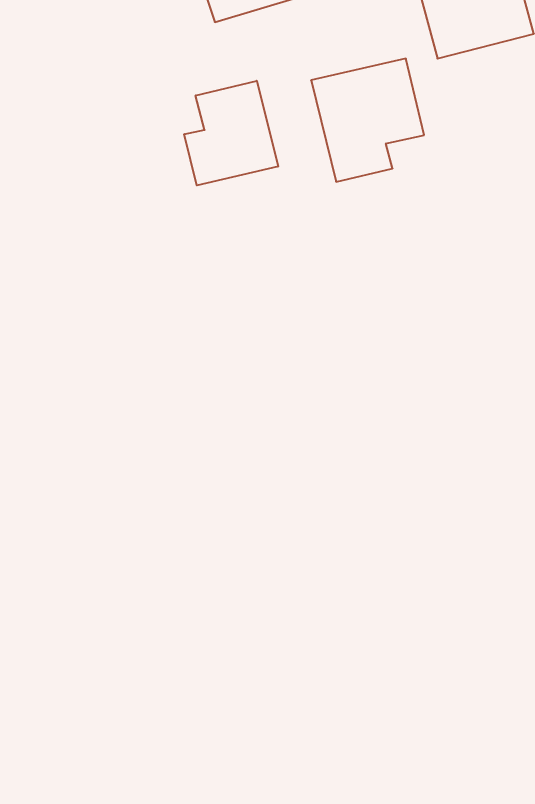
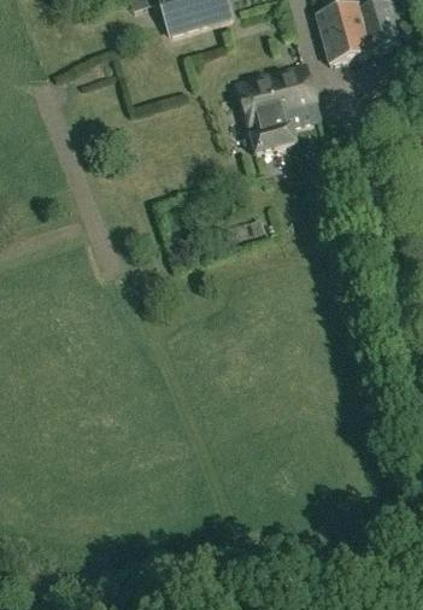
building: [184,81,278,185] -> none

